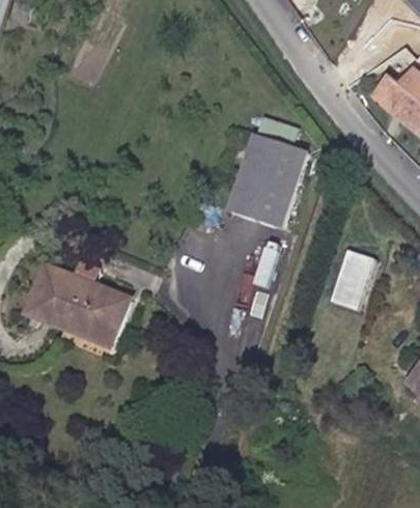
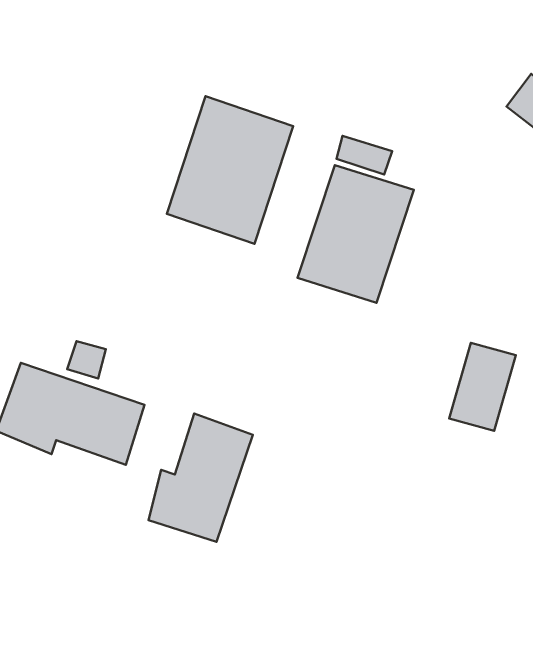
building: none -> [167,96,293,244]
building: none -> [148,414,253,542]

